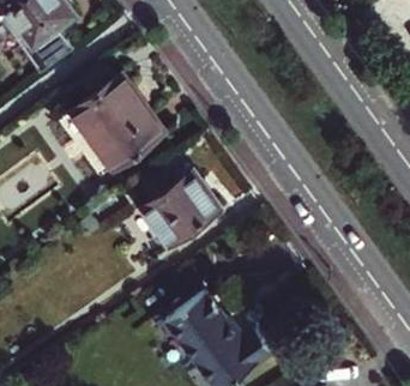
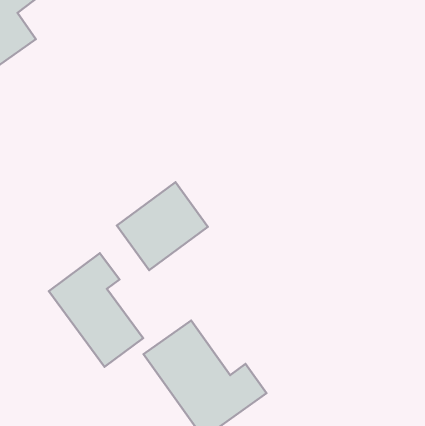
building: [71,74,163,168] -> none
building: none -> [49,253,143,367]

